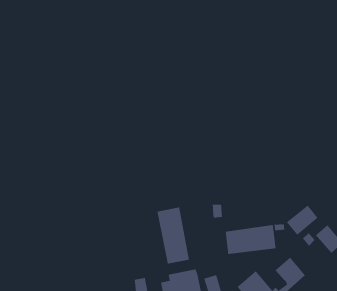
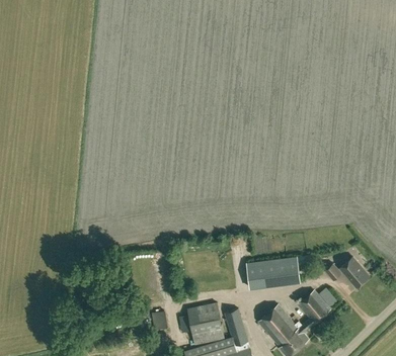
building: [286,204,318,236] -> none
building: [156,207,190,265] -> none

